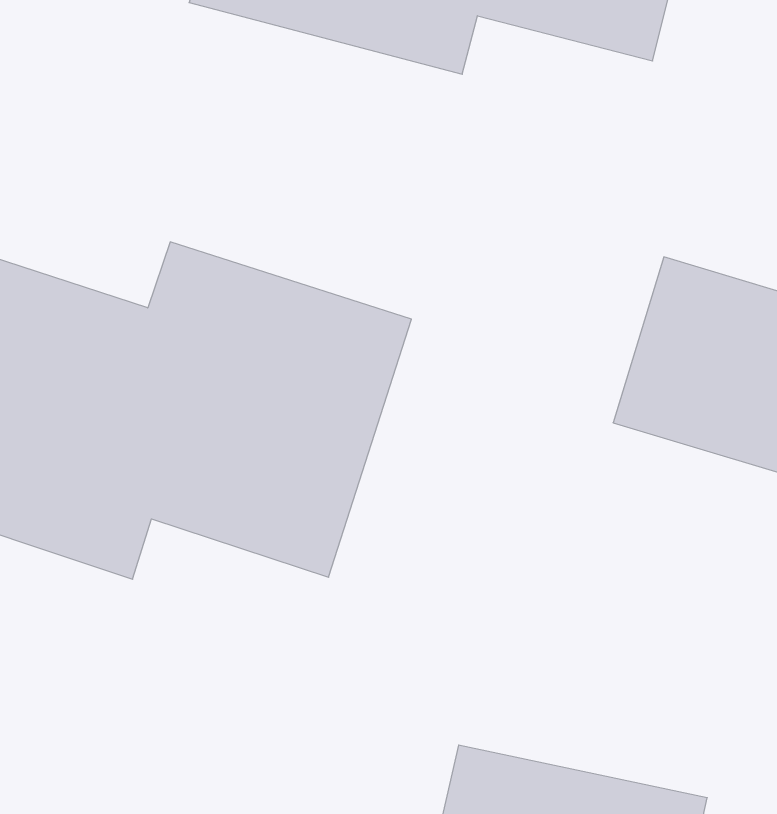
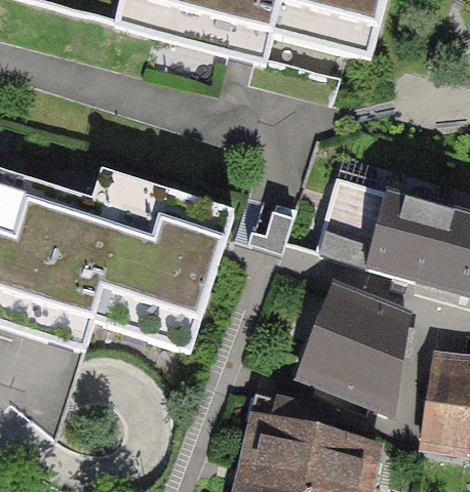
building: none -> [290,290,420,412]

